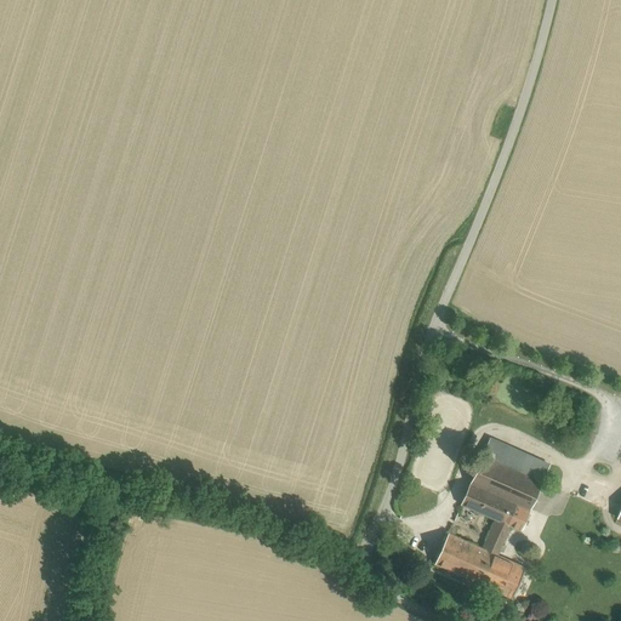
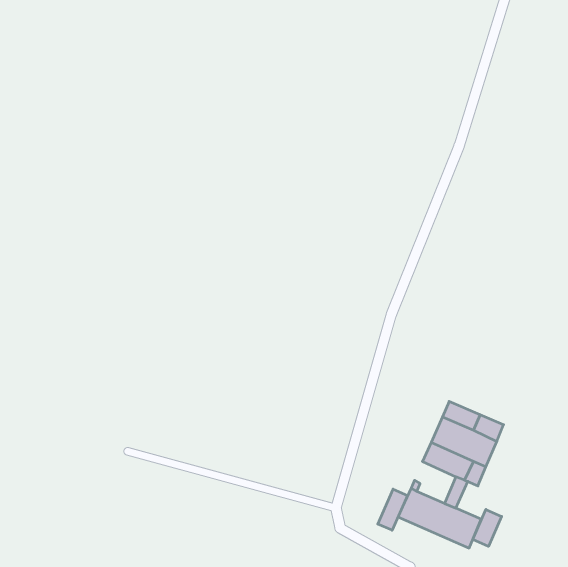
building: none -> [378,489,407,530]
building: none -> [473,509,502,546]

